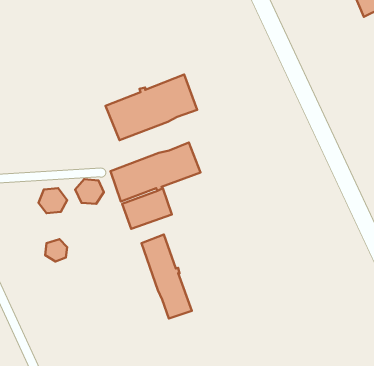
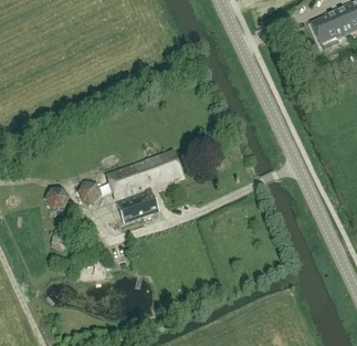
building: [106,74,197,140] -> none
building: [141,234,192,319] -> none

